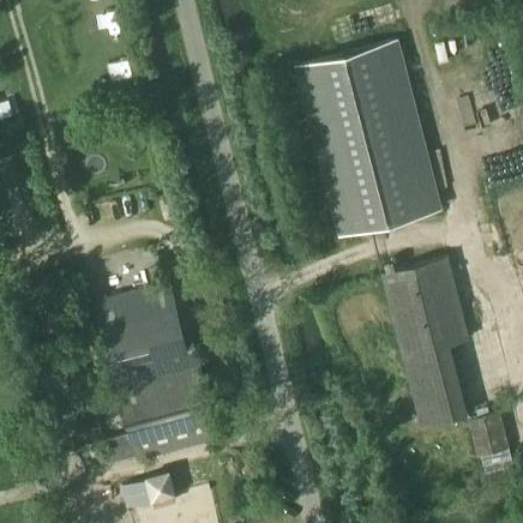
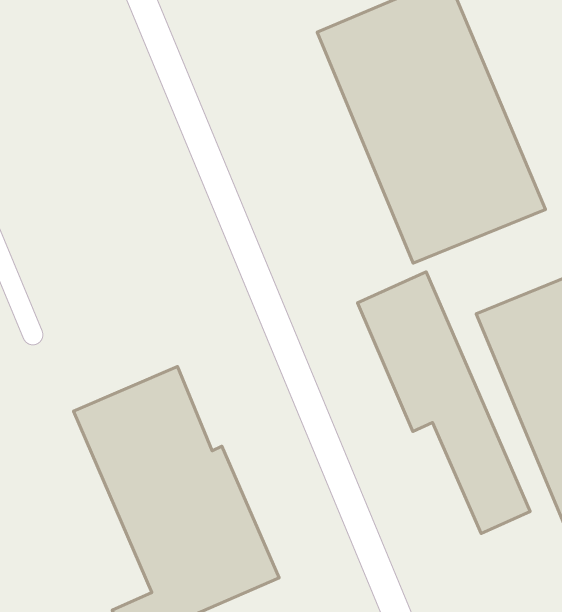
building: none -> [357,272,530,534]

